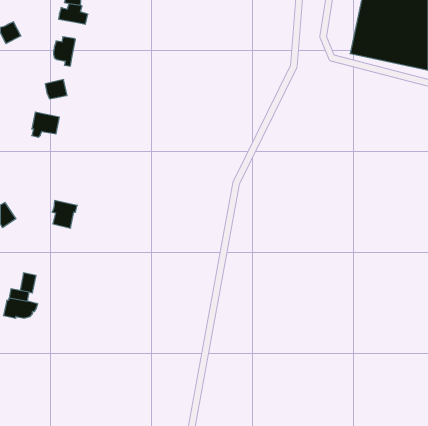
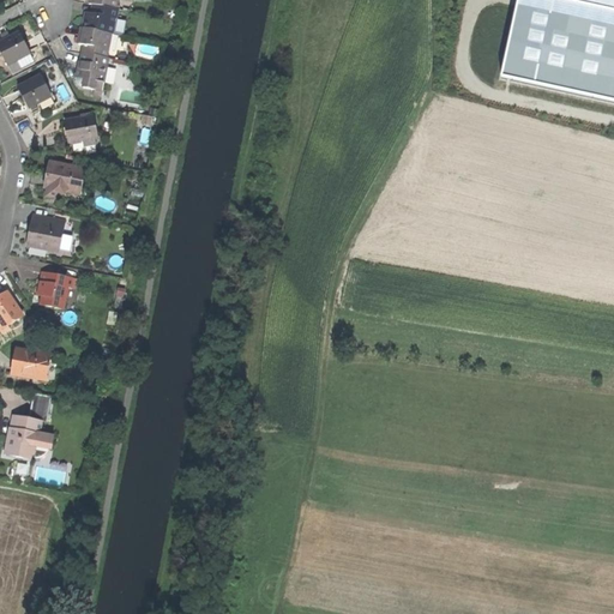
building: none -> [78,26,110,55]
building: none -> [18,73,52,106]
building: none -> [28,213,68,254]
building: [52,200,77,228] -> [37,270,73,309]
building: none -> [12,347,50,378]

